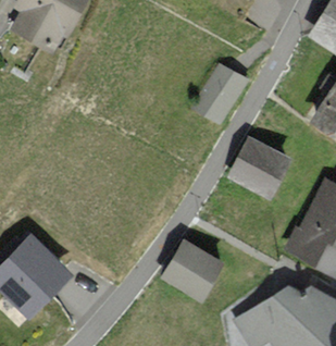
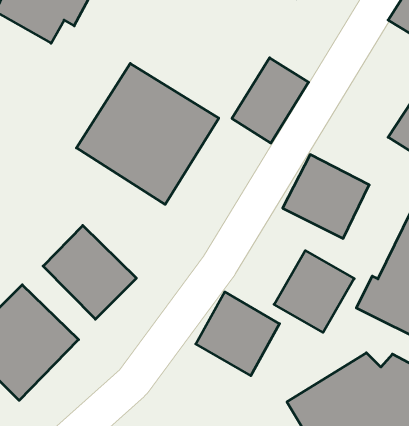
building: none -> [76,63,219,204]
building: none -> [43,225,136,319]
building: none -> [274,251,354,332]

